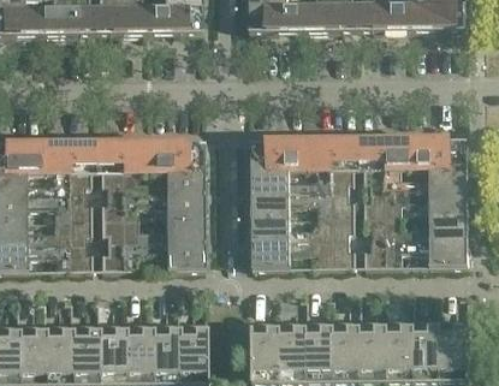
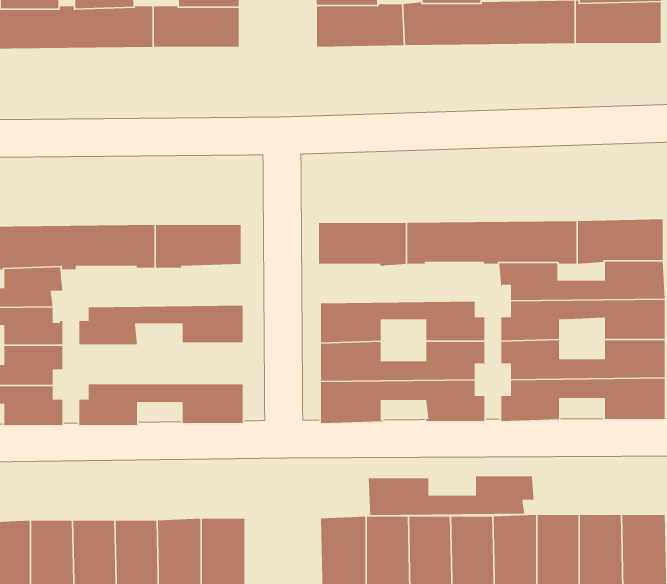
building: [250,165,355,190] -> [368,476,535,516]
building: [99,166,203,192] -> none
building: [100,215,203,240] -> none

